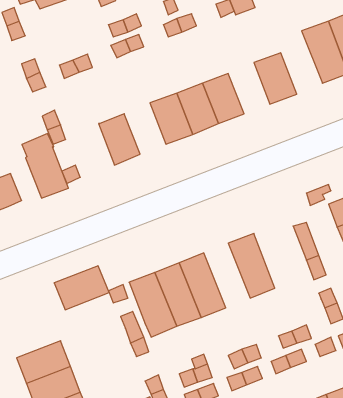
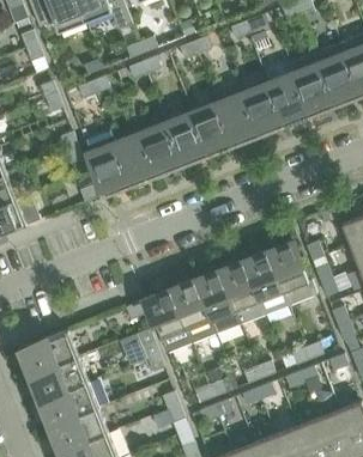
building: none -> [288,53,333,115]
building: none -> [241,84,282,134]
building: none -> [139,123,180,173]
building: [22,133,68,198] -> [84,130,129,194]
building: none -> [266,242,315,305]
building: none -> [217,261,262,324]
building: [54,266,109,310] -> [23,330,77,373]

